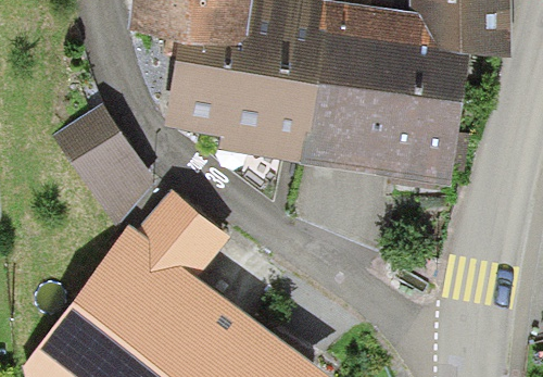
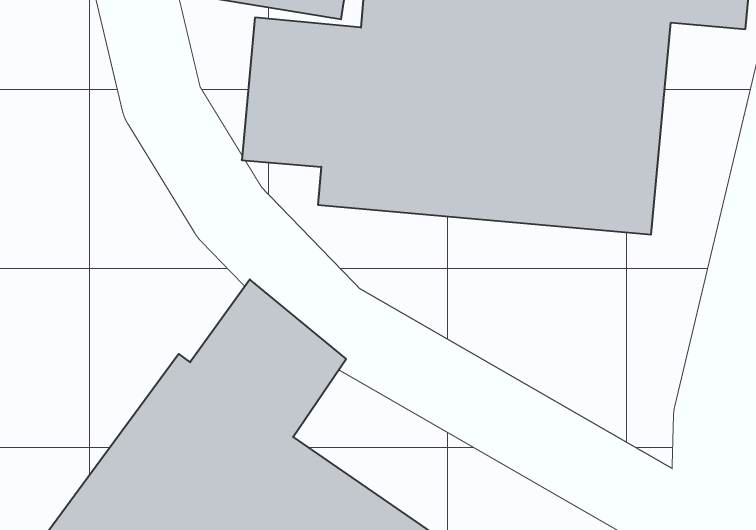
building: [58,105,163,225] -> none

